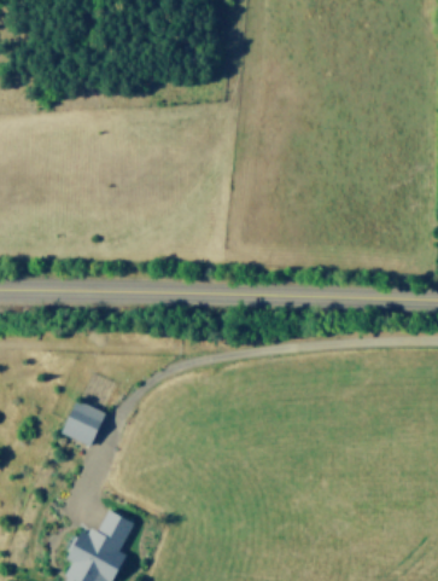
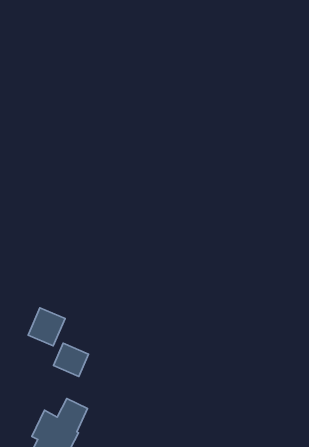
building: none -> [53,343,88,376]

